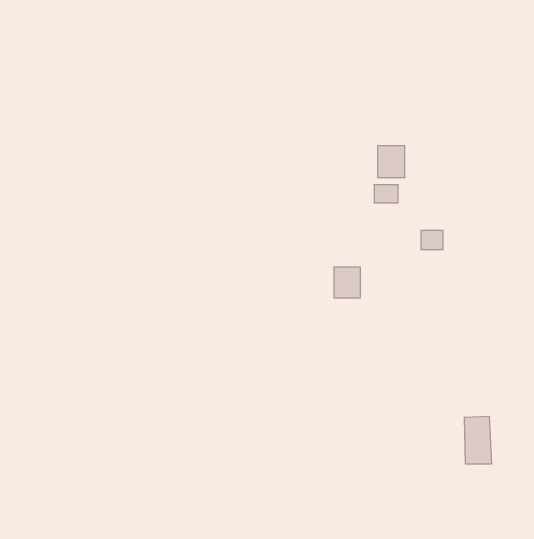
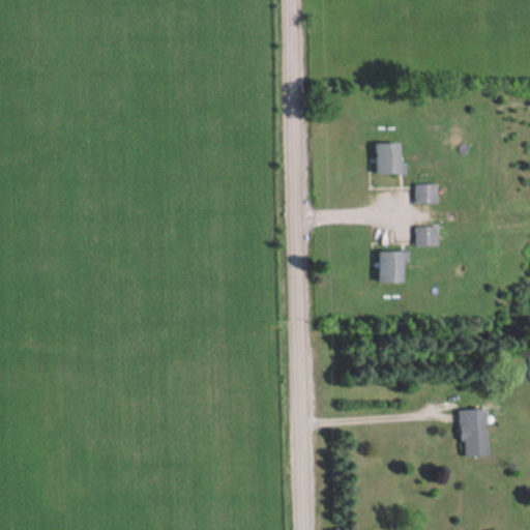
building: [374,185,398,203] -> [416,185,440,203]
building: [334,267,360,298] -> [379,251,405,281]

